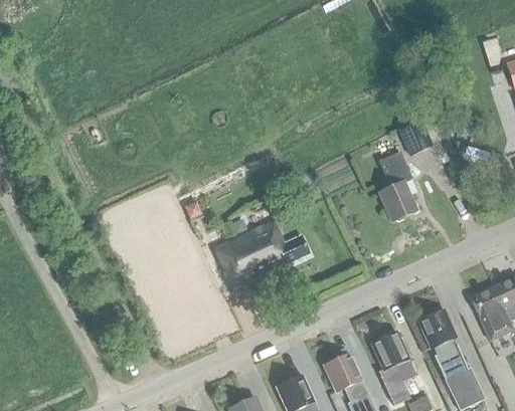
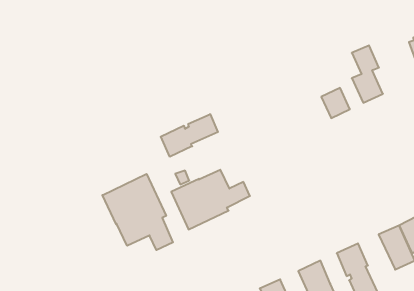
building: [379,151,417,221] -> [352,45,383,103]
building: none -> [161,114,218,157]
building: none -> [102,174,173,250]

